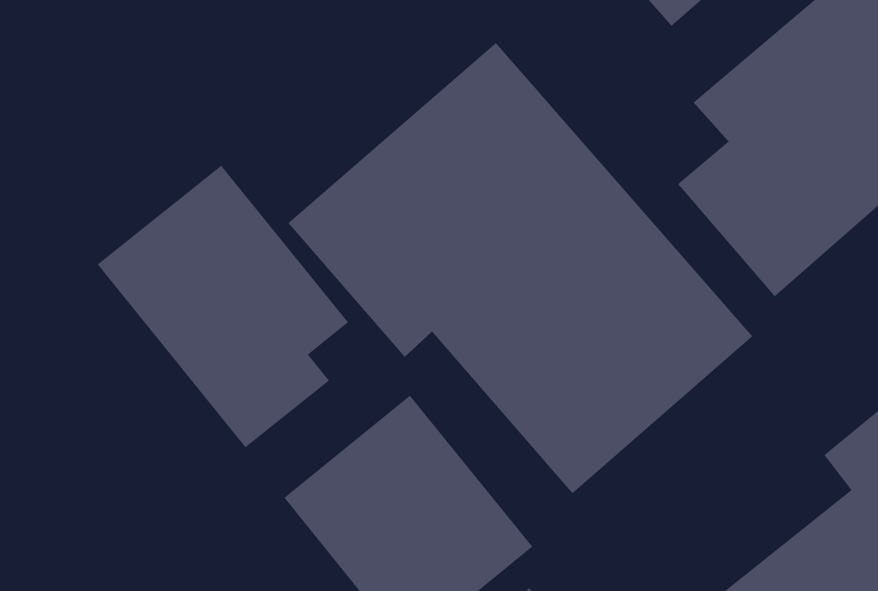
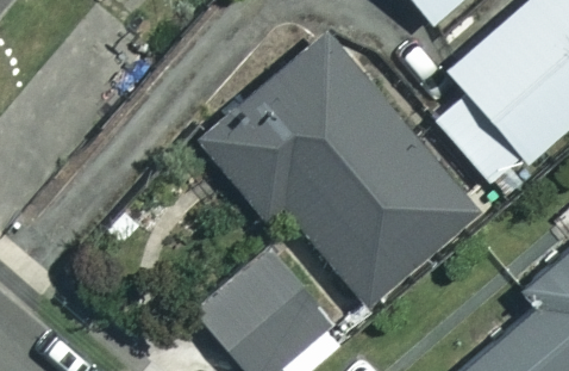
building: [97,165,349,448] -> none

